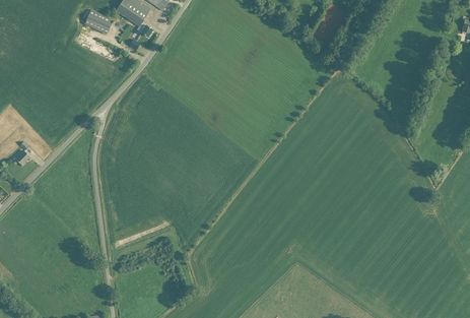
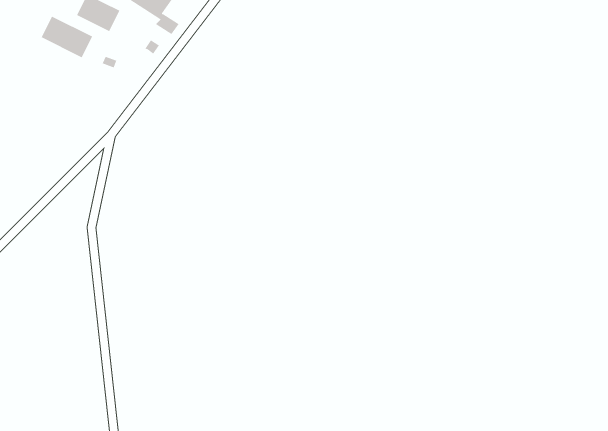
building: none -> [41,16,93,58]

